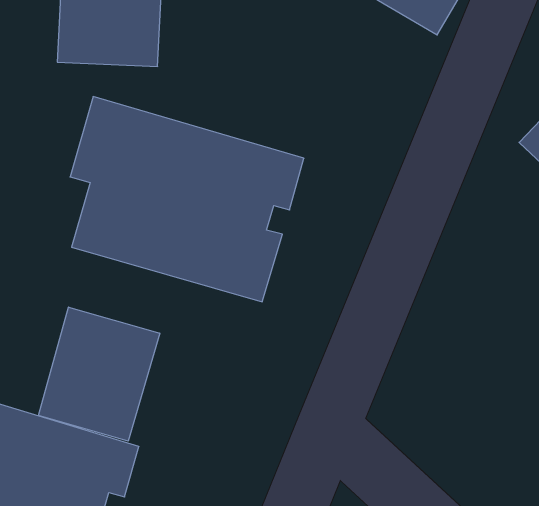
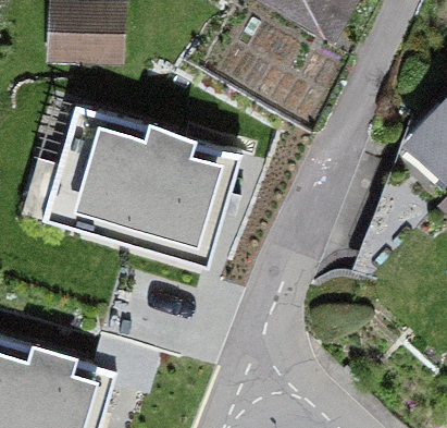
building: [38,307,160,441] -> none

